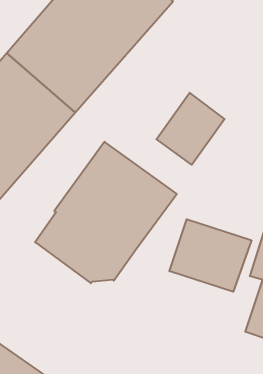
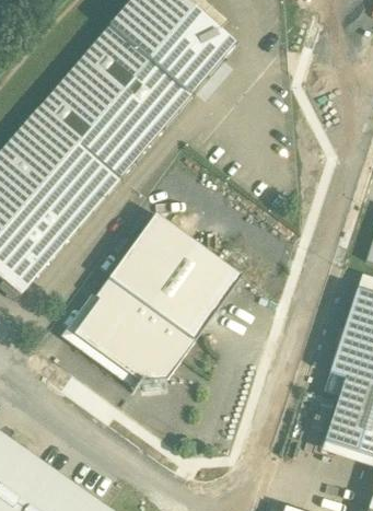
building: [156,93,225,165] -> none
building: [169,219,251,292] -> none

